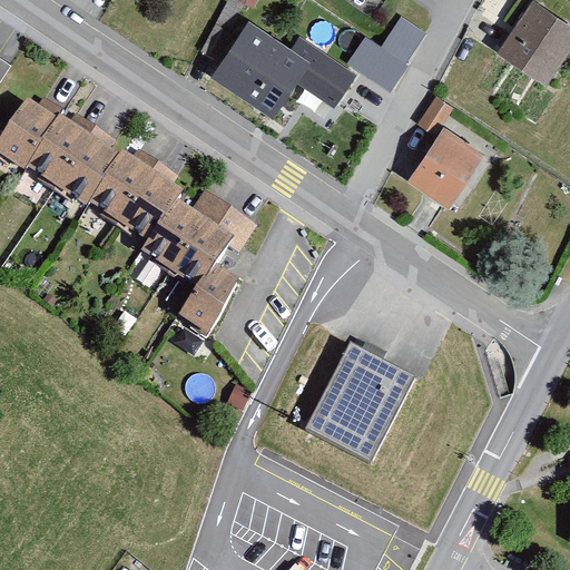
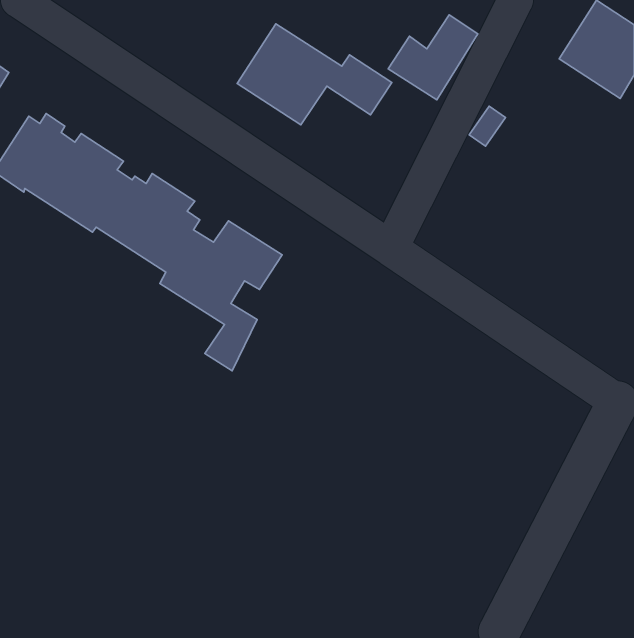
building: [407,124,492,210] -> none
building: [306,348,409,462] -> none

